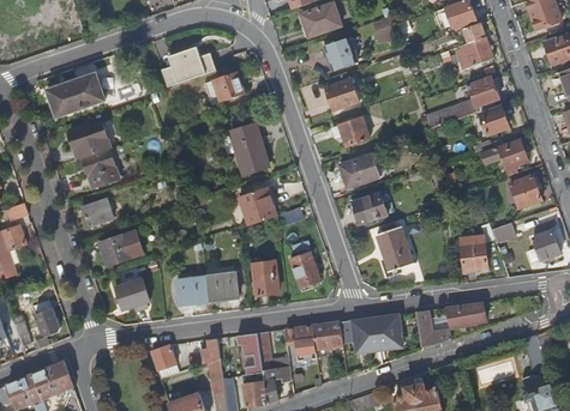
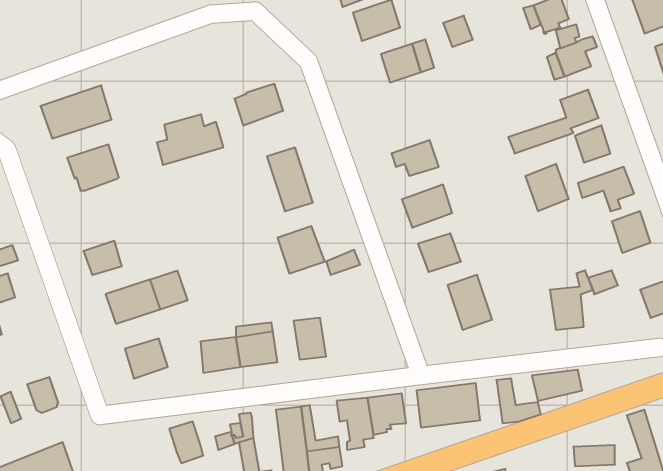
building: [163,44,217,85] -> [157,114,223,165]
building: [325,78,359,109] -> none
building: none -> [526,164,569,211]
building: [83,147,120,186] -> none
building: none -> [150,271,187,309]
building: [290,250,320,290] -> none

